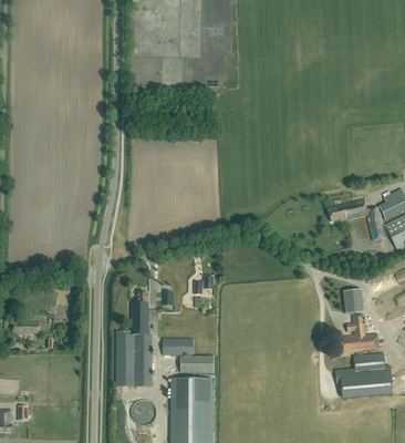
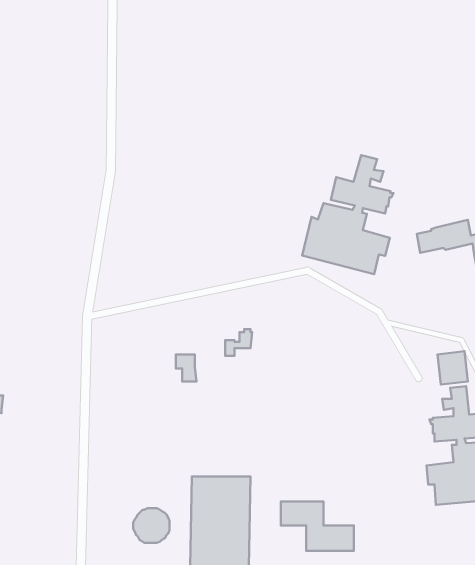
building: none -> [302,155,393,274]
building: [116,292,152,387] -> none
building: [163,339,214,373] -> [281,502,354,551]

